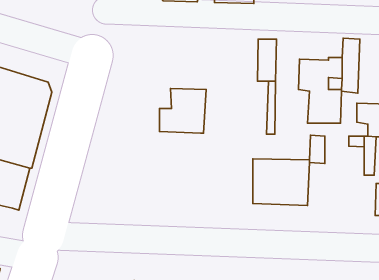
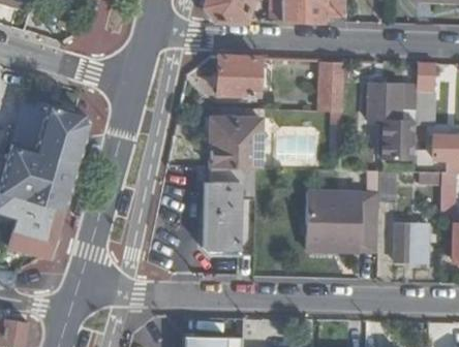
building: none -> [217,57,263,92]
building: none -> [202,168,255,256]
building: none -> [395,226,429,263]

